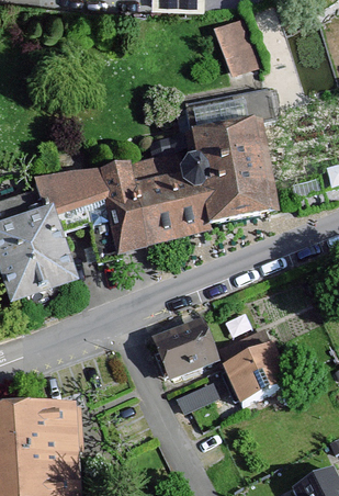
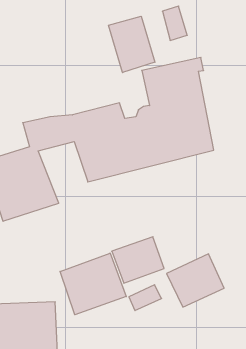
building: none -> [109,16,155,73]
building: none -> [60,253,126,315]

